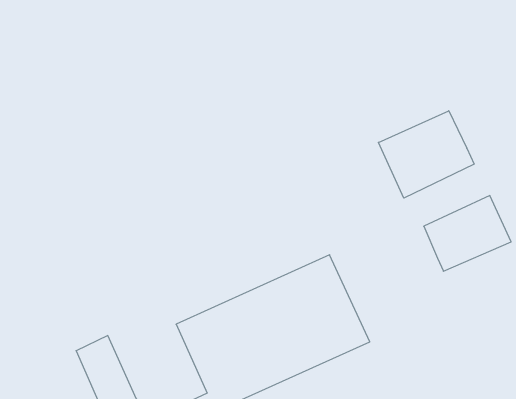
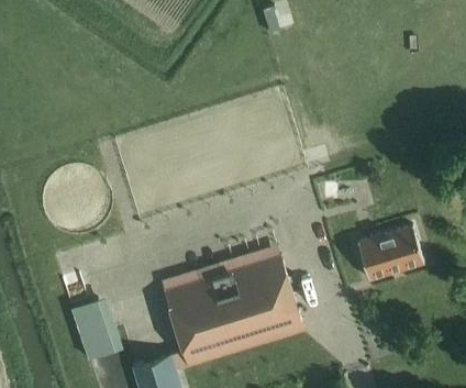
building: [378,111,474,198] -> none

